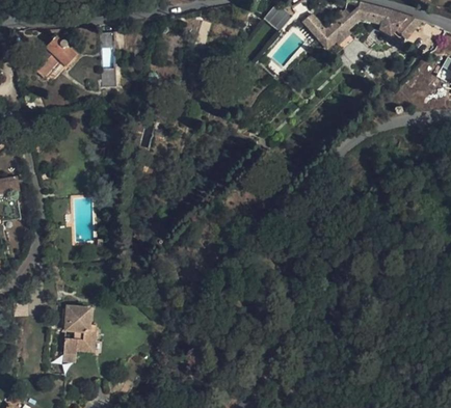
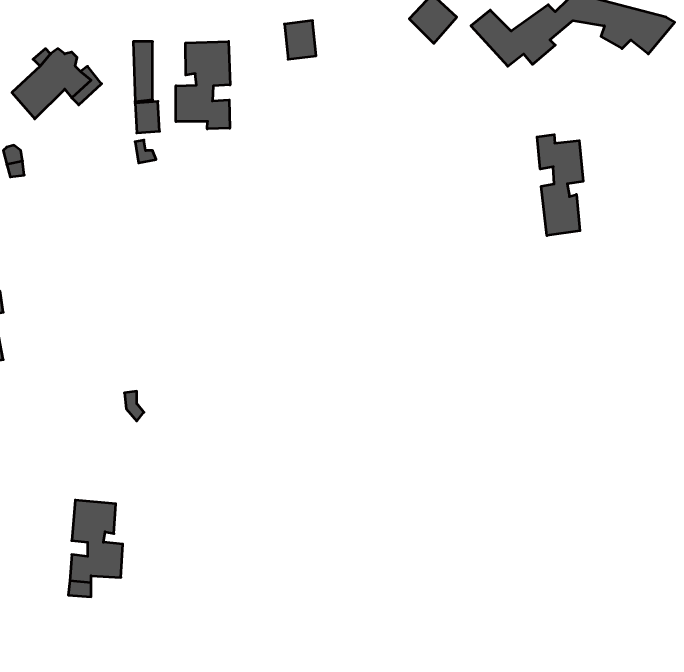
building: none -> [176,41,230,129]
building: none -> [537,135,583,236]

